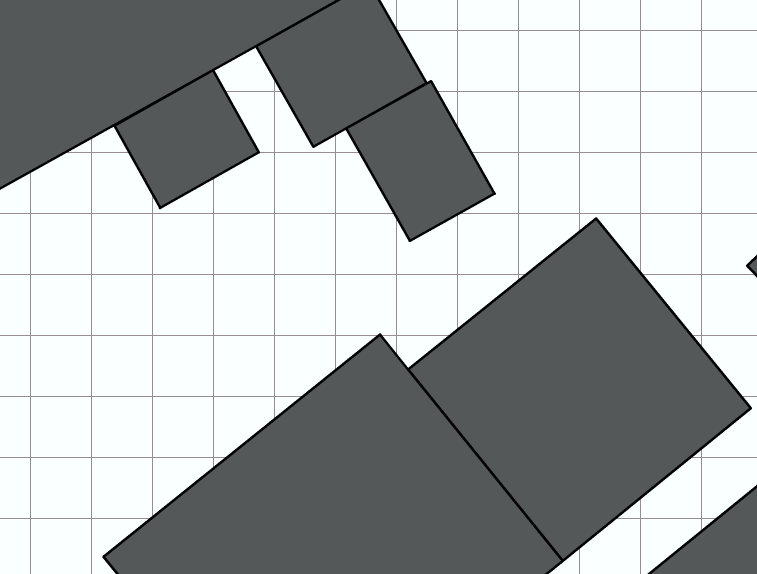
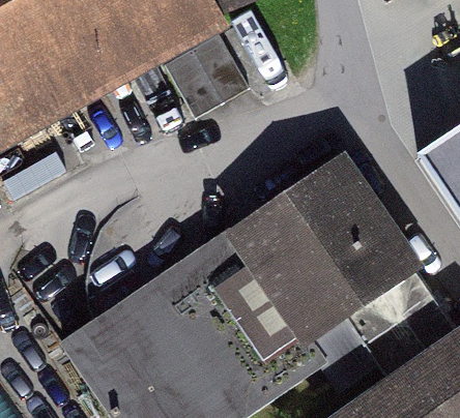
building: [114,70,259,208] -> none
building: [346,81,495,241] -> none

